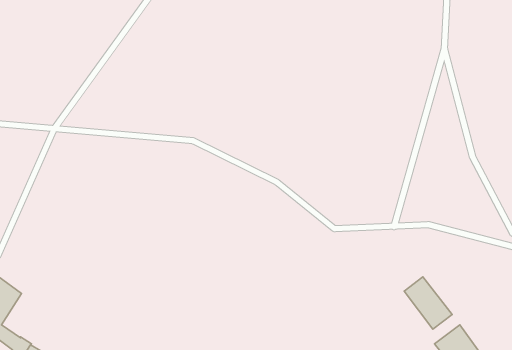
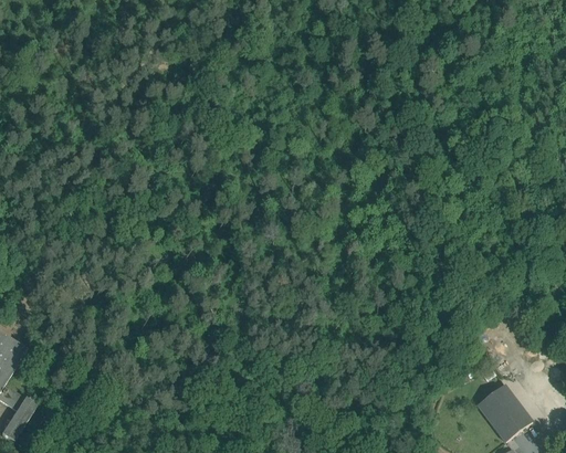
building: [404,277,452,329] -> none

